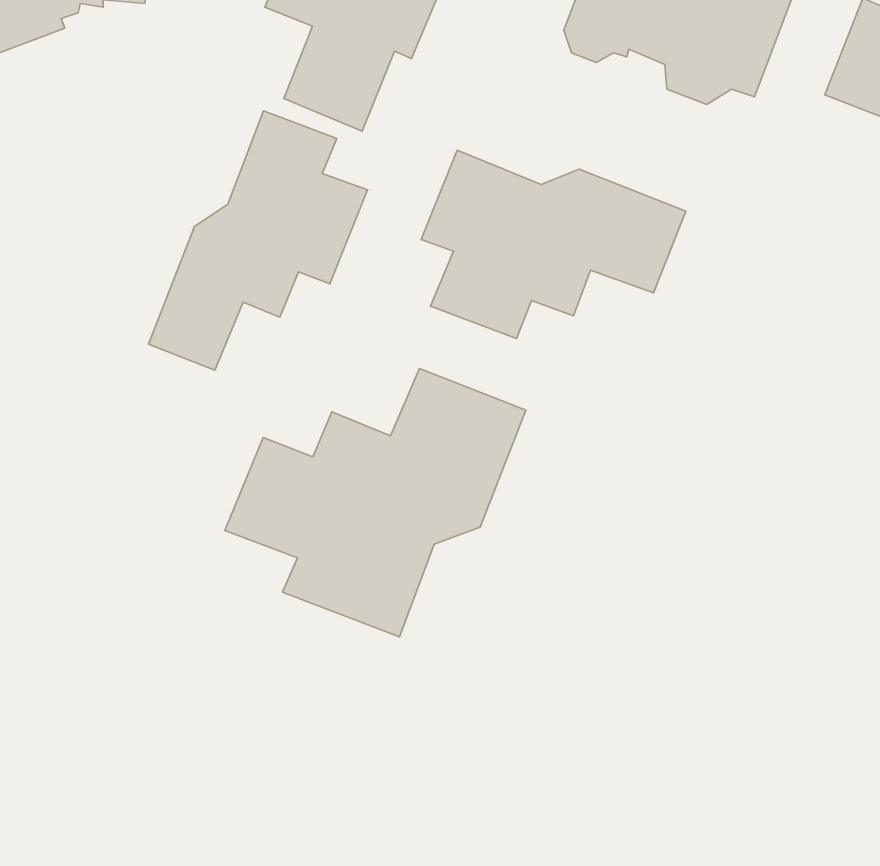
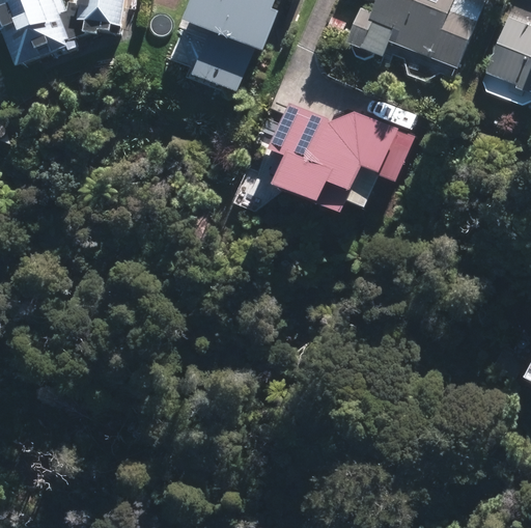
building: [148,111,368,370] -> none
building: [225,369,526,637] -> none

